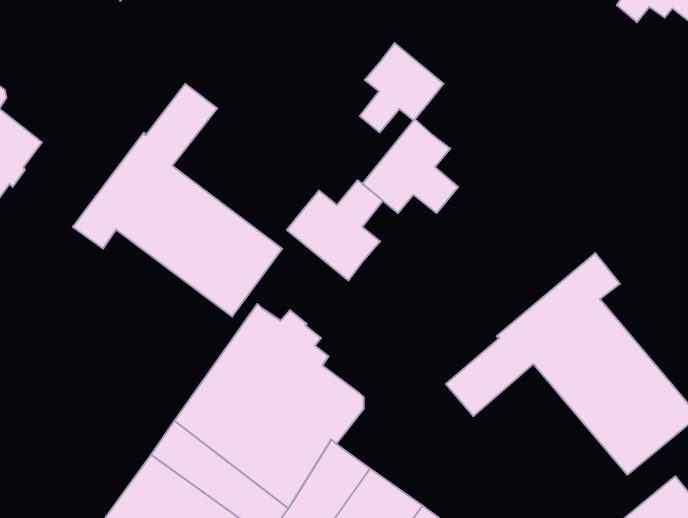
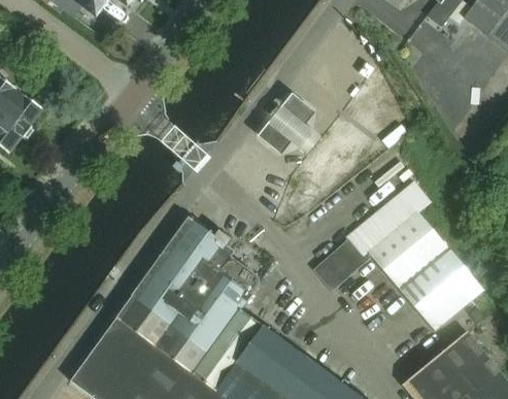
building: [360,43,444,132] -> none
building: [73,84,282,317] -> none
building: [287,180,383,281] -> none

